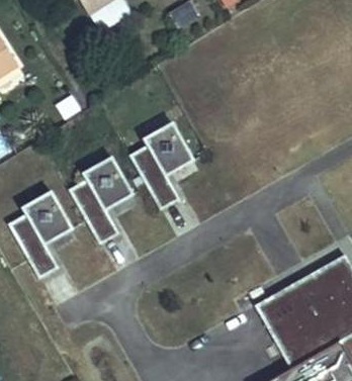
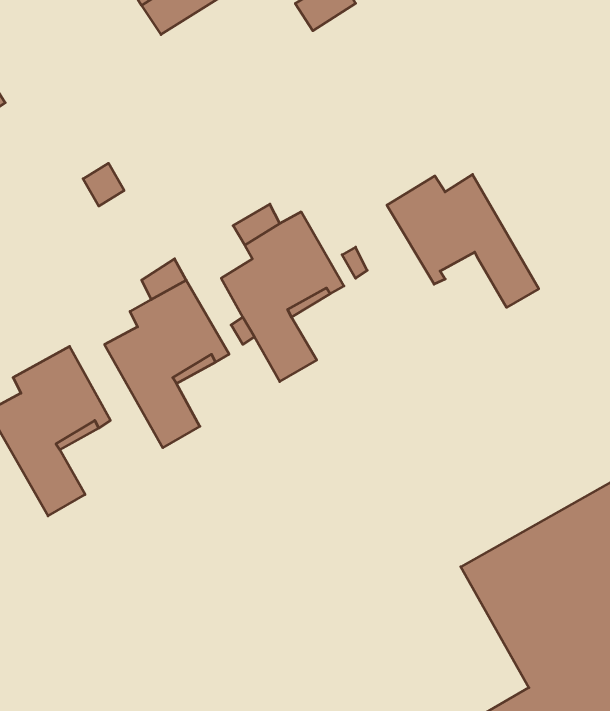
building: none -> [387,174,539,307]

